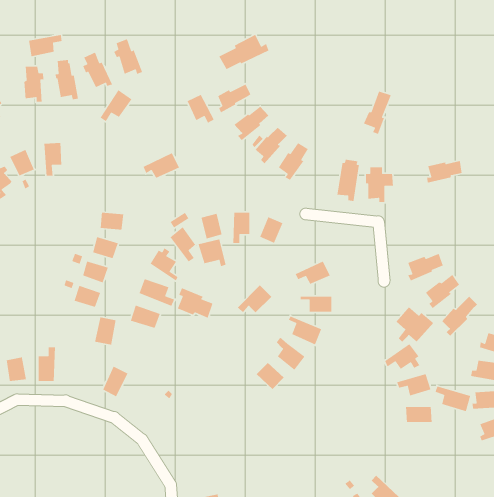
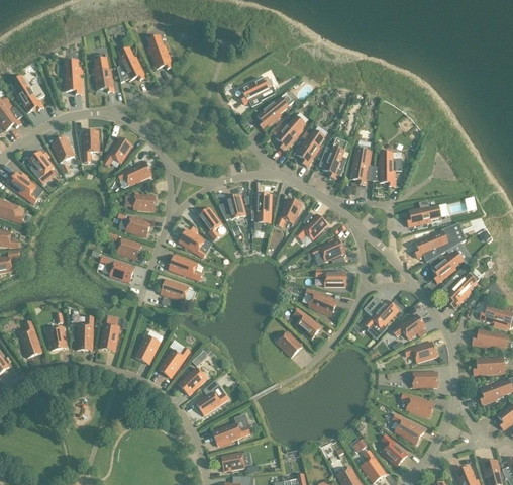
building: [218,34,270,70] -> none
building: [28,34,62,57] -> none
building: [99,89,133,122] -> [103,136,133,167]
building: [363,91,392,135] -> [322,138,348,179]
building: [186,94,215,124] -> none
building: [142,152,180,179] -> [118,161,152,185]
building: [426,160,463,183] -> [408,205,441,226]
building: [198,238,227,267] -> none
building: [237,285,272,313] -> [296,213,328,239]
building: [177,287,214,319] -> none
building: [396,306,434,343] -> [364,295,399,328]
building: [94,317,116,345] -> [100,324,120,351]
building: none -> [159,347,191,378]
building: [435,386,471,412] -> [401,393,434,417]
building: none -> [179,367,207,395]
building: none -> [196,391,229,415]
building: none -> [394,414,424,444]
building: none -> [213,421,251,446]

